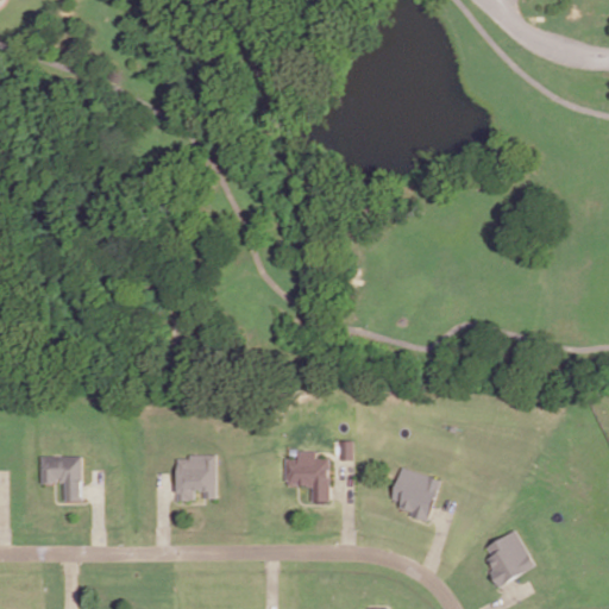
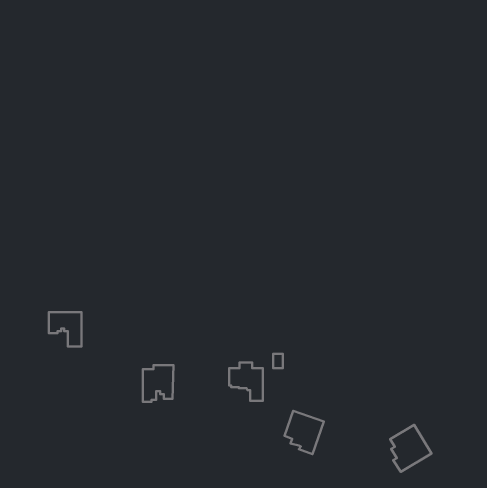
building: [40,457,81,500] -> [49,312,81,347]
building: [390,467,439,521] -> [285,411,324,454]

